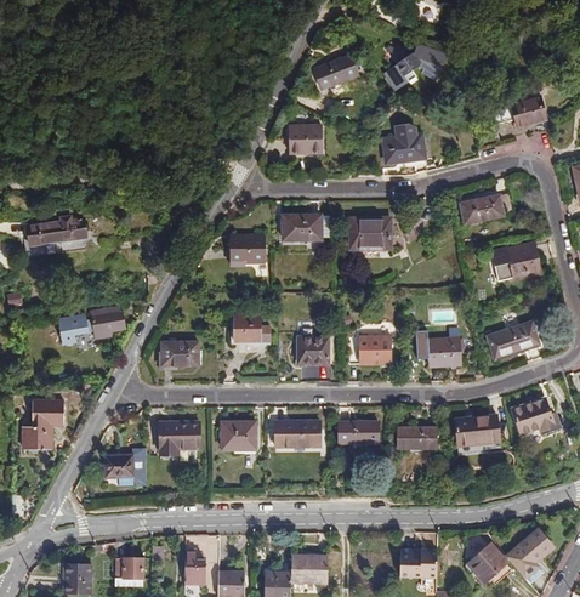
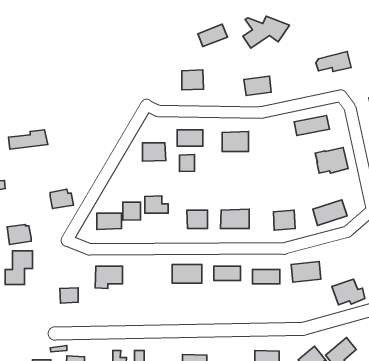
building: none -> [179,155,195,172]
building: [58,313,95,343] -> [7,224,31,244]
building: none -> [123,202,141,220]
building: [512,397,562,436] -> [332,279,365,305]
building: [222,421,256,449] -> none

